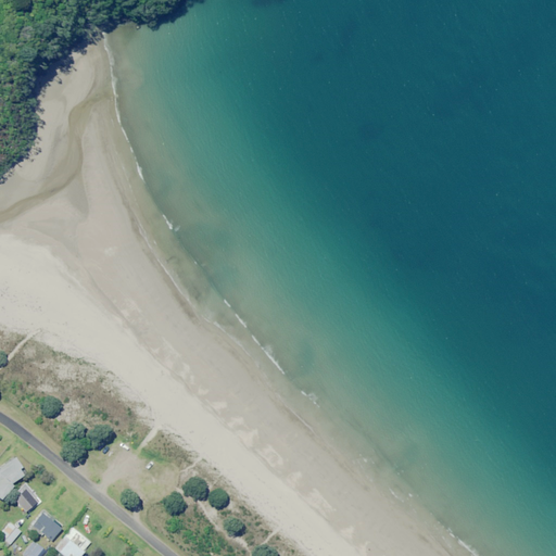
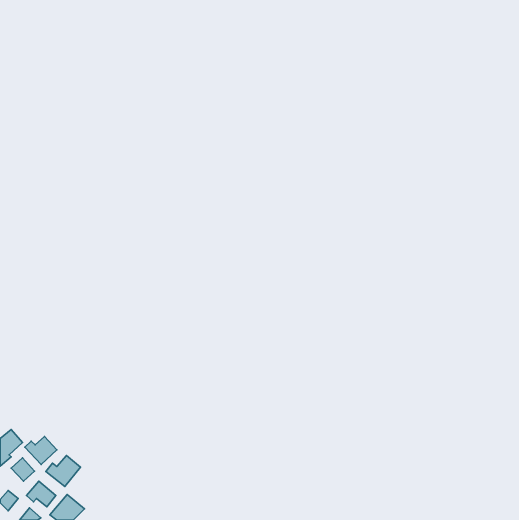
building: none -> [25,436,57,464]
building: none -> [46,455,81,486]

